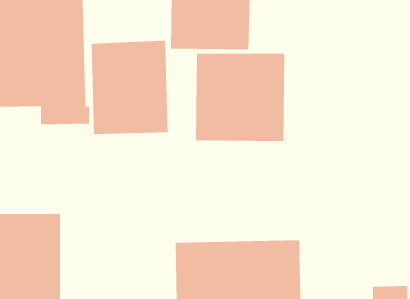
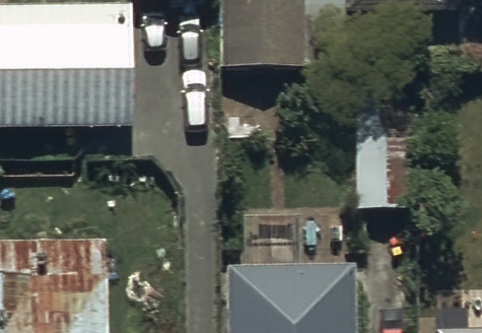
building: [91,40,169,135] -> none
building: [195,53,285,142] -> none

